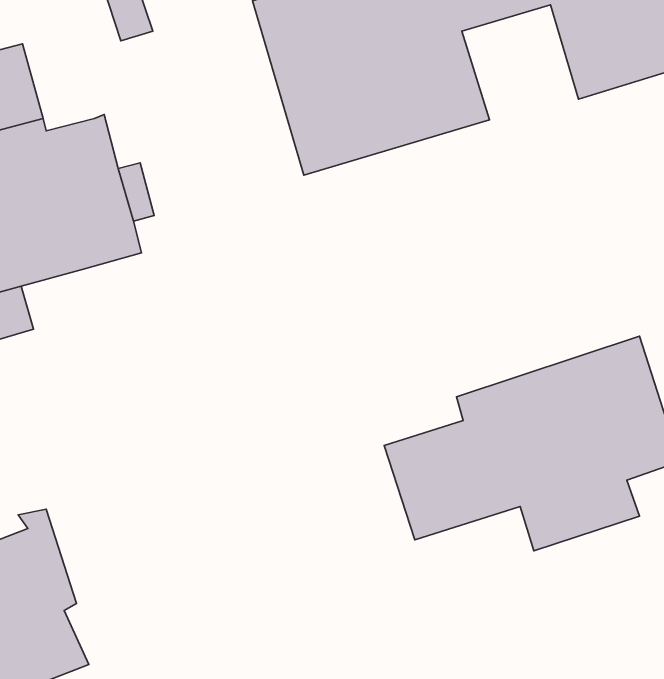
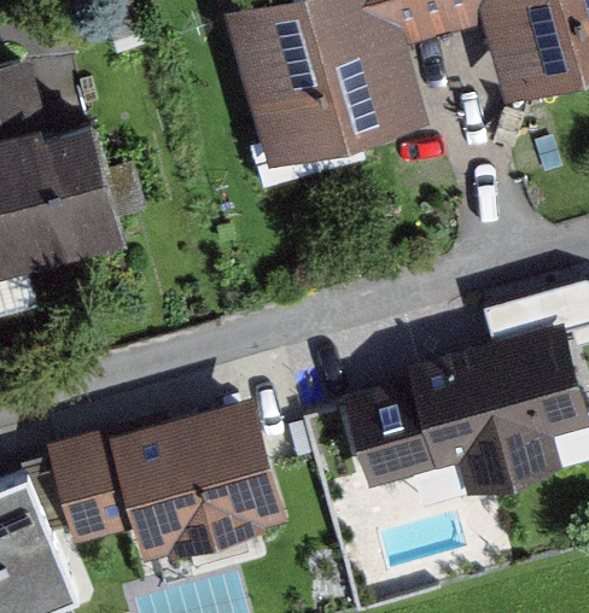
building: none -> [42,402,291,564]

